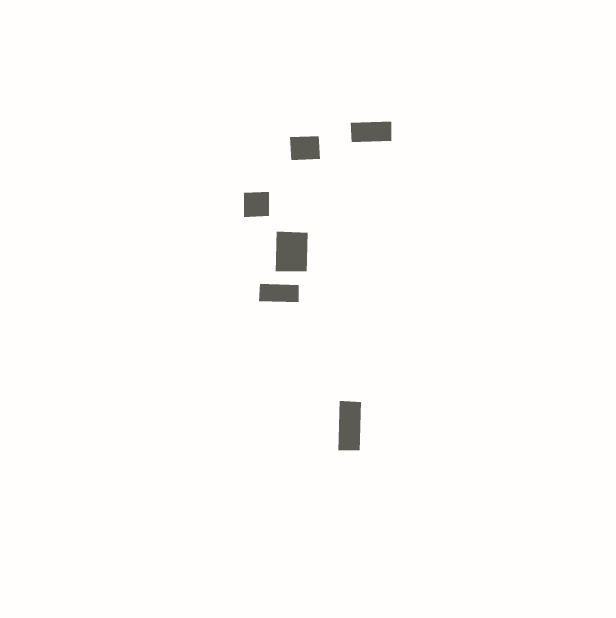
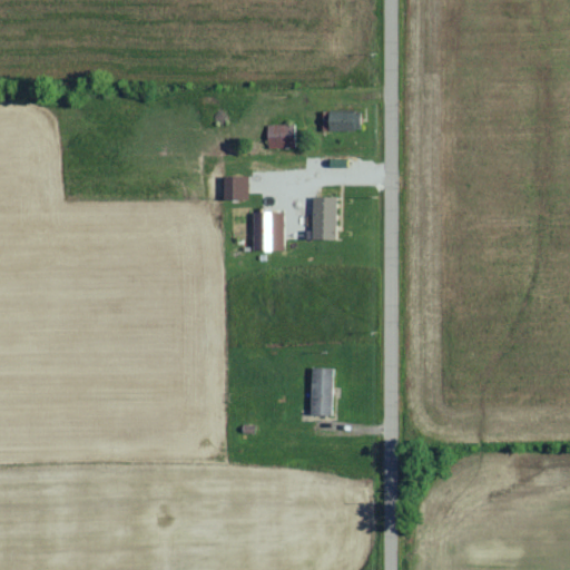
building: none -> [312,197,337,239]
building: [258,283,300,303] -> none

